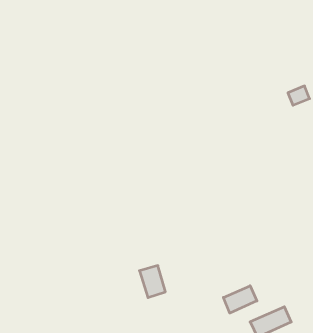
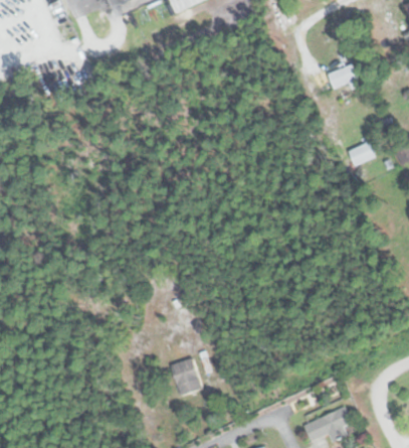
building: none -> [328,64,358,88]
building: [223,286,257,313] -> none

